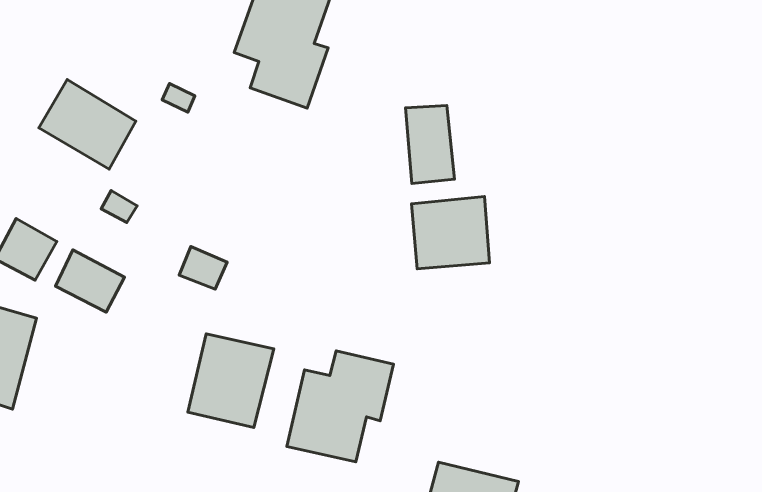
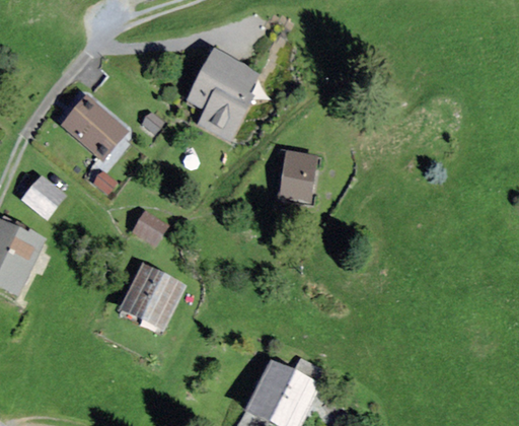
building: [412,196,489,269] -> none
building: [56,250,124,312] -> none
building: [287,351,394,462] -> none

